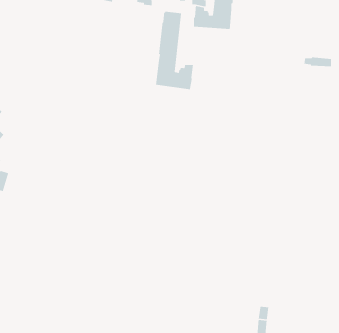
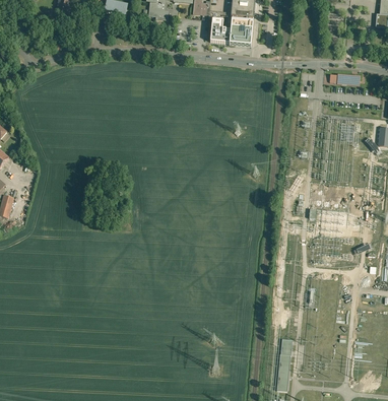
building: [155,11,194,90] -> none

